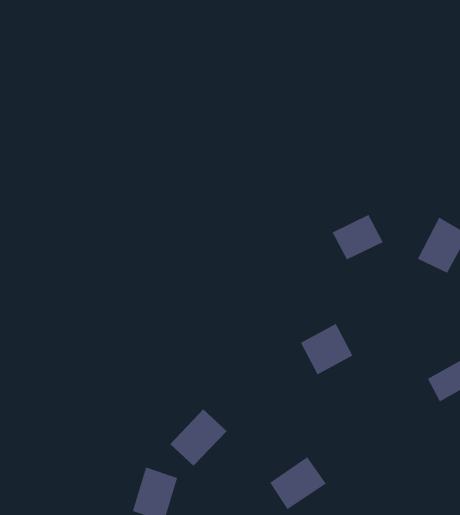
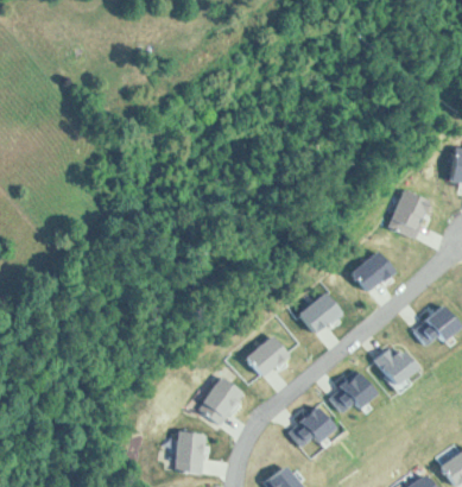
building: [332,214,384,261] -> [350,252,395,293]
building: none -> [248,334,293,378]
building: none -> [374,349,416,388]
building: none -> [325,372,372,416]

